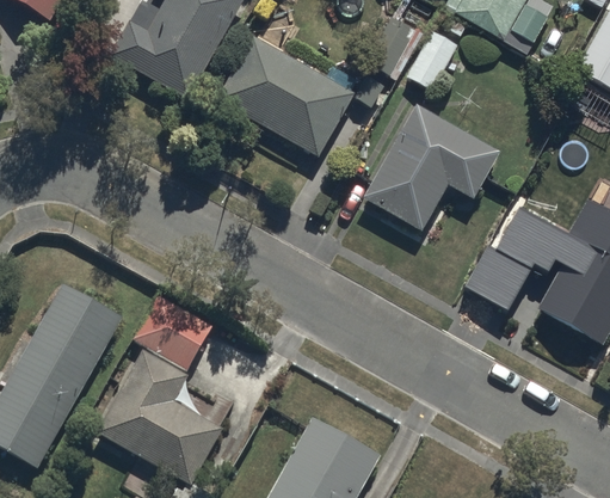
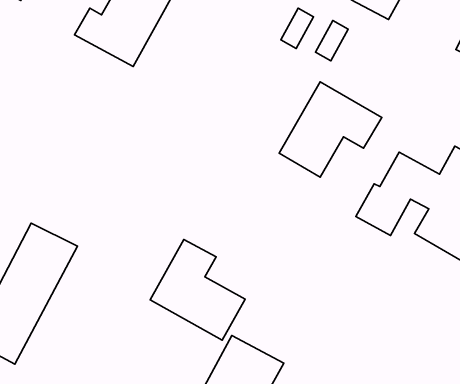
building: [220,39,355,160] -> none
building: [144,305,207,364] -> none
building: [98,355,216,480] -> [150,239,245,340]

